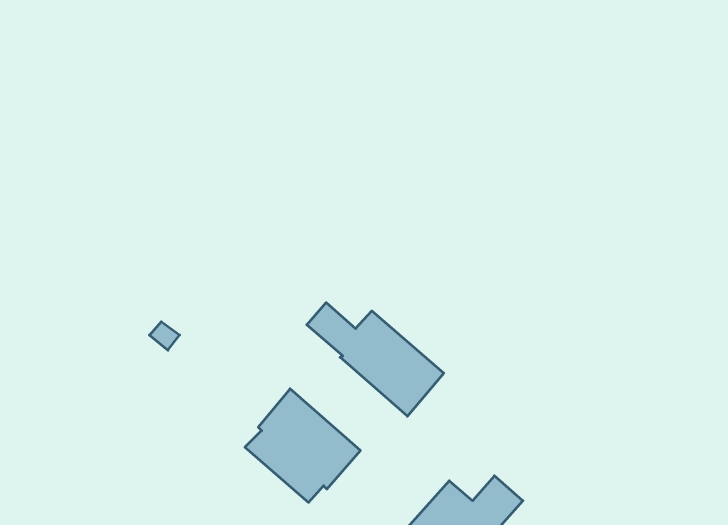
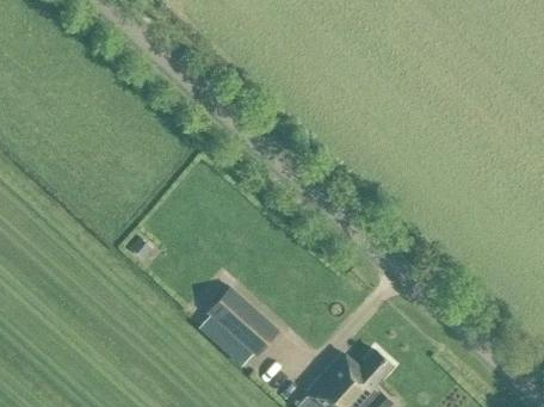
building: [307,303,444,416] -> none

